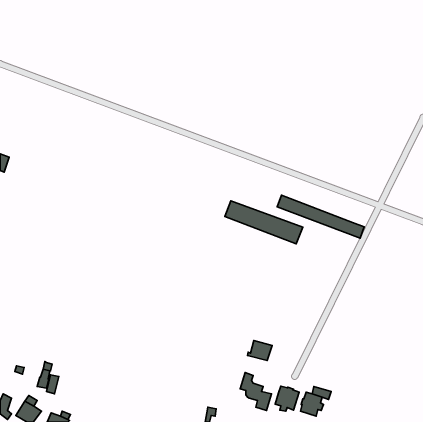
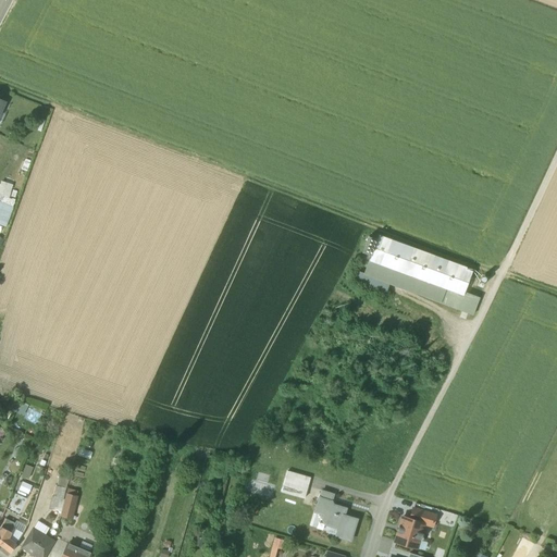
building: [225,201,303,244] -> [370,236,472,293]
building: [247,341,272,360] -> [277,471,310,497]
building: [275,386,299,411] -> none

